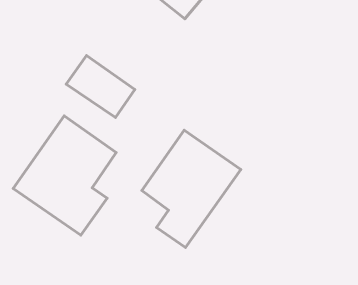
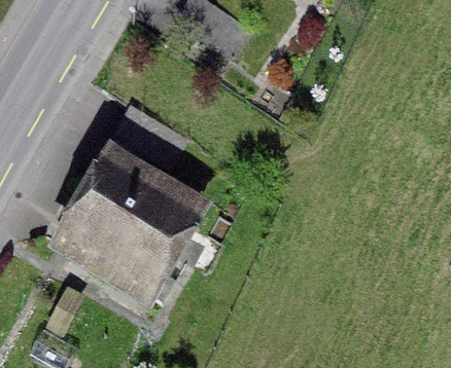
building: [142,130,241,248] -> none

